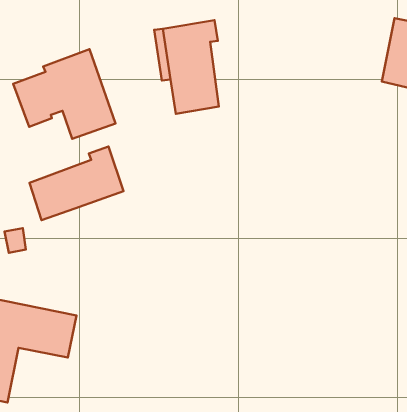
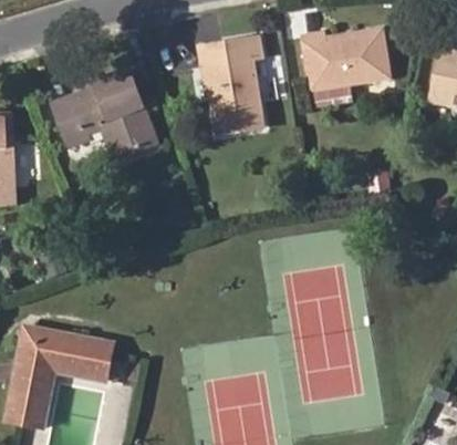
building: none -> [302,31,388,89]
building: [29,146,124,220] -> none

